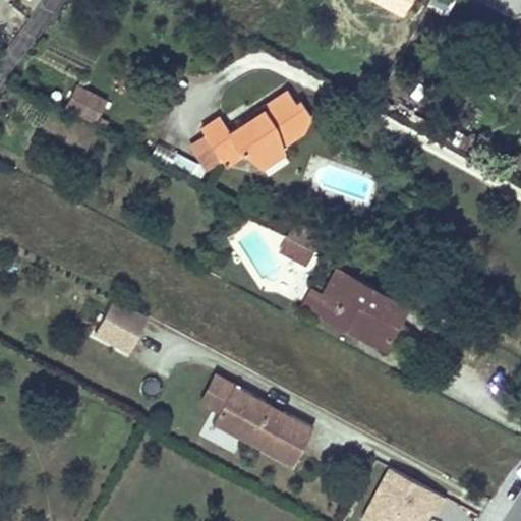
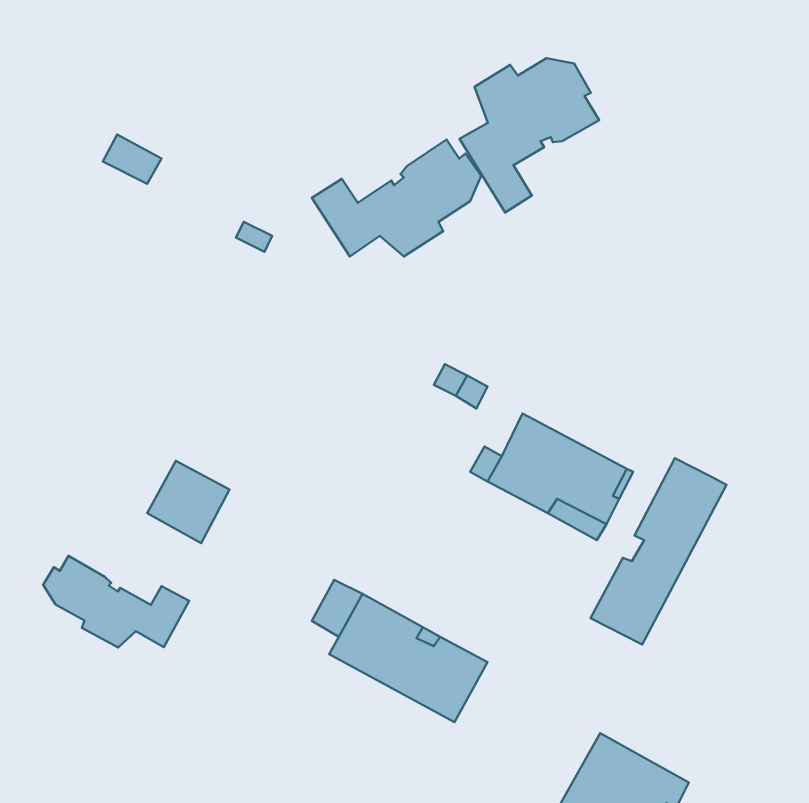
building: none -> [459,58,599,212]
building: none -> [591,458,726,645]
building: none -> [43,556,189,648]

